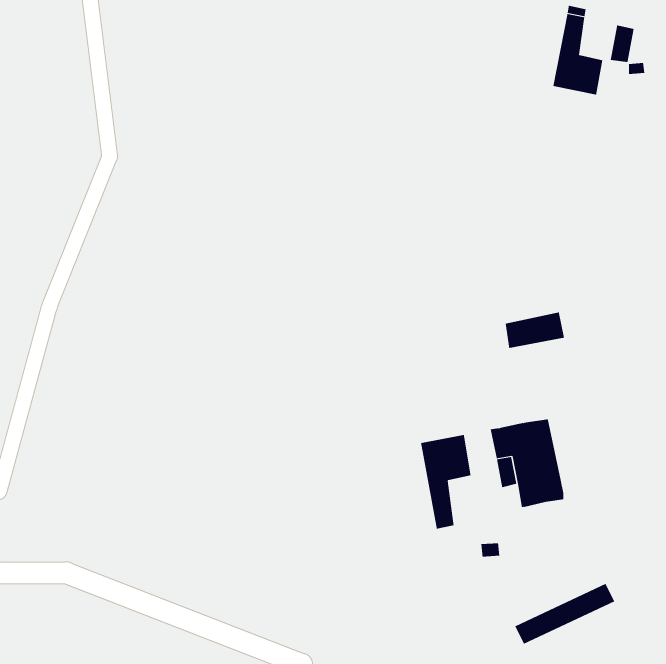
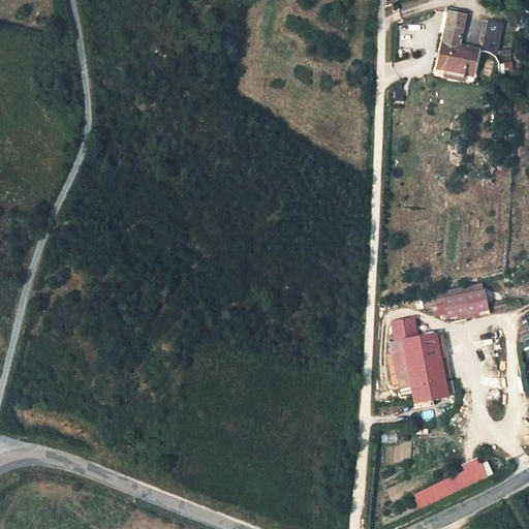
building: [505,312,565,348] -> [441,287,489,316]
building: none -> [391,316,414,339]
building: [421,434,471,529] -> none

